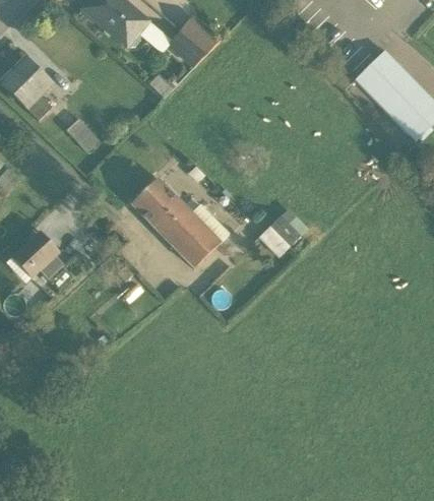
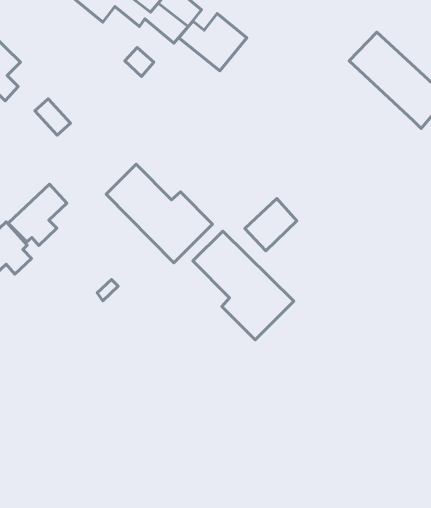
building: none -> [179,14,247,71]
building: none -> [8,184,67,245]
building: none -> [193,231,294,340]

